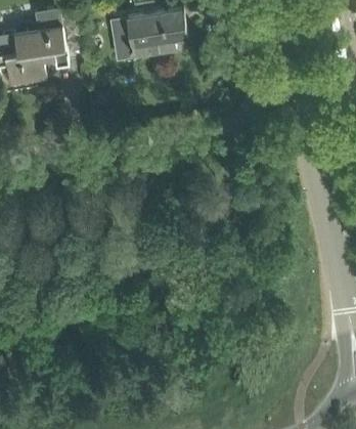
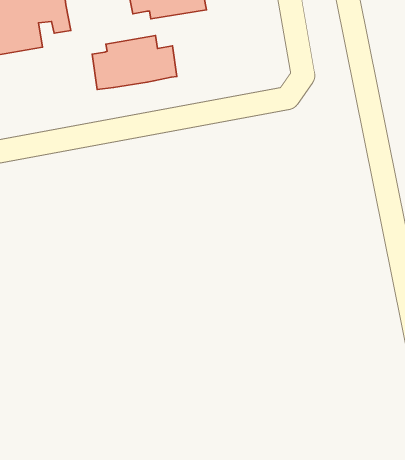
building: none -> [92,36,177,90]

